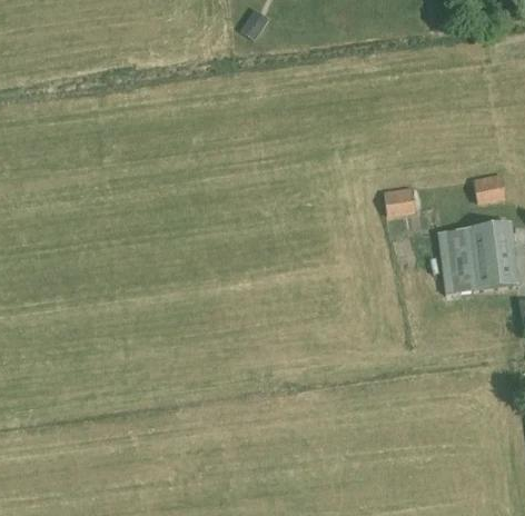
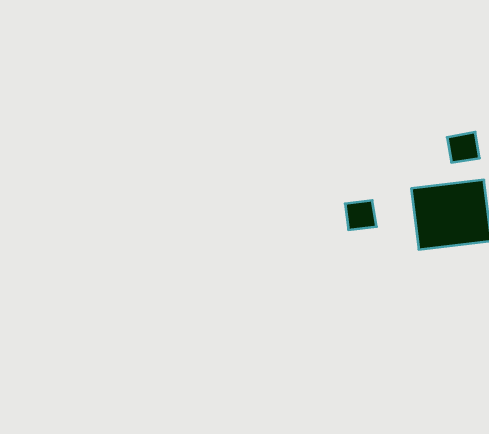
building: [385,186,417,216] -> [345,200,377,230]

